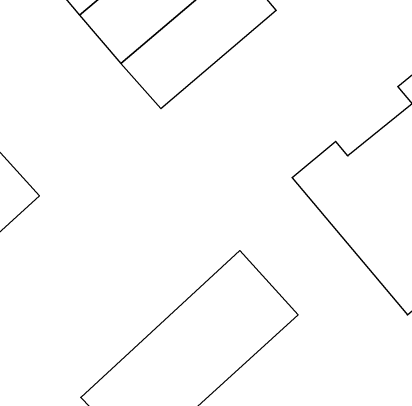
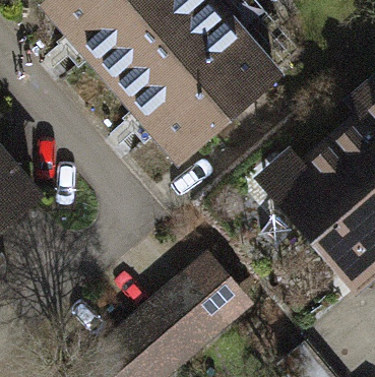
building: none -> [144,39,275,162]

